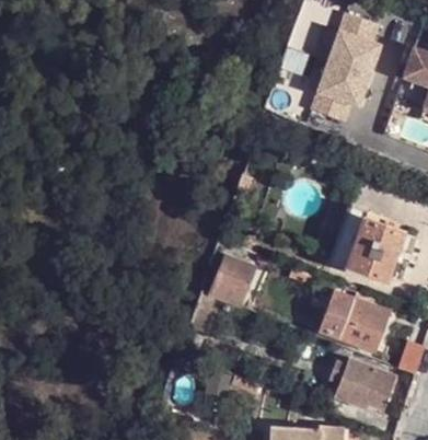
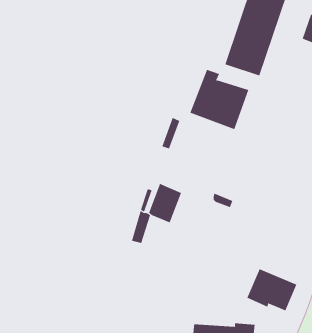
building: [333,206,406,280] -> [190,69,249,130]
building: [329,294,390,352] -> none

